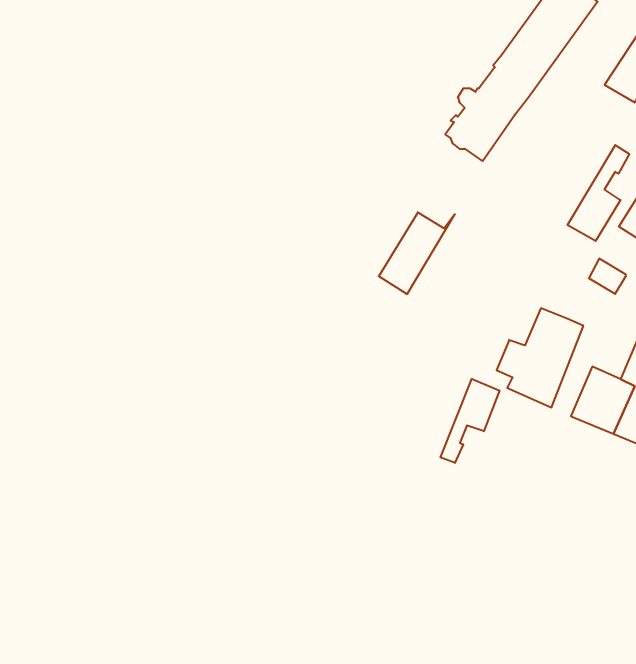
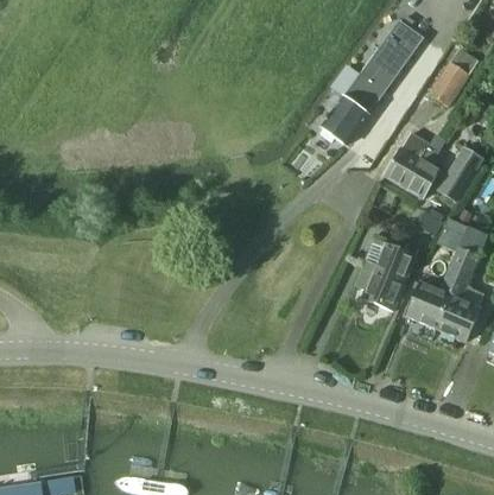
building: [379,212,455,294] -> [385,133,436,188]
building: [440,379,500,463] -> none

